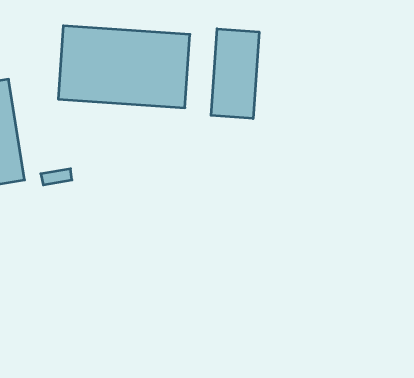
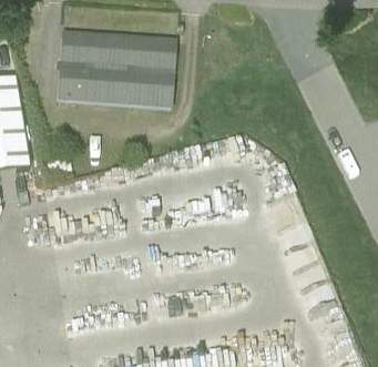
building: [211,29,259,119] -> none

